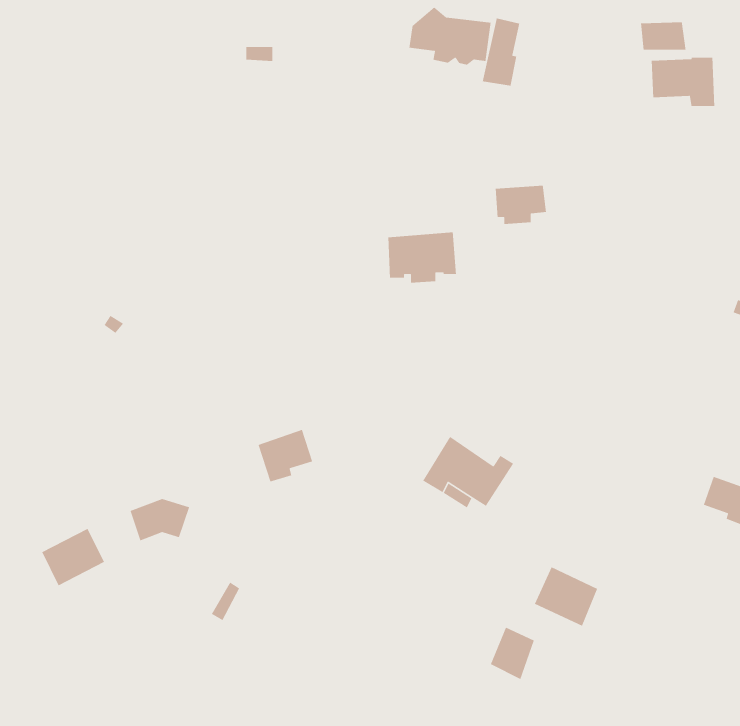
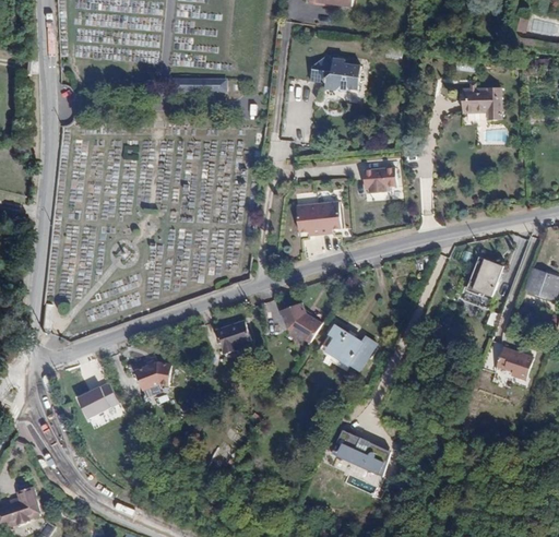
building: [482,18,520,86] -> none
building: [640,21,686,51] -> none
building: none -> [463,256,503,309]
building: none -> [281,302,322,343]
building: [534,566,598,627] -> [331,430,371,468]

